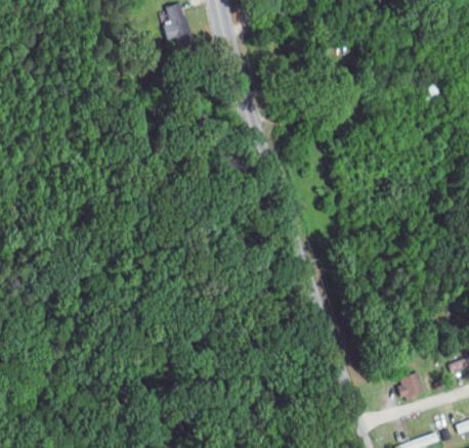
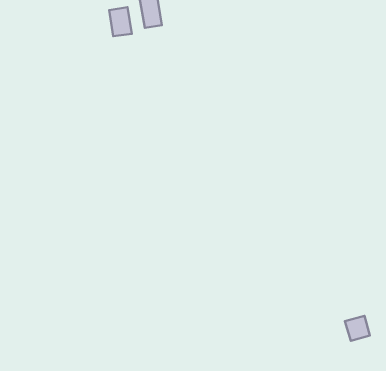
building: none -> [109,7,132,36]

